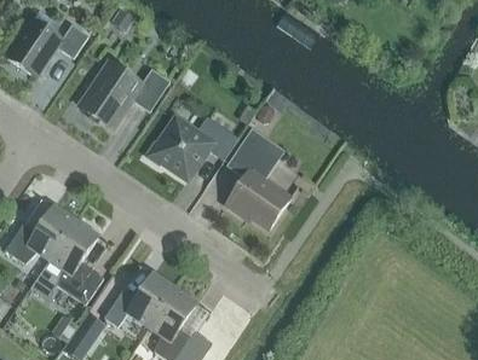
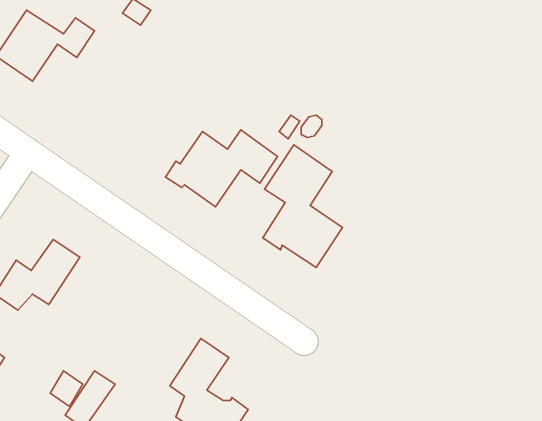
building: [79,60,168,128] -> none
building: [30,220,104,304] -> none
building: [103,272,174,326] -> none

